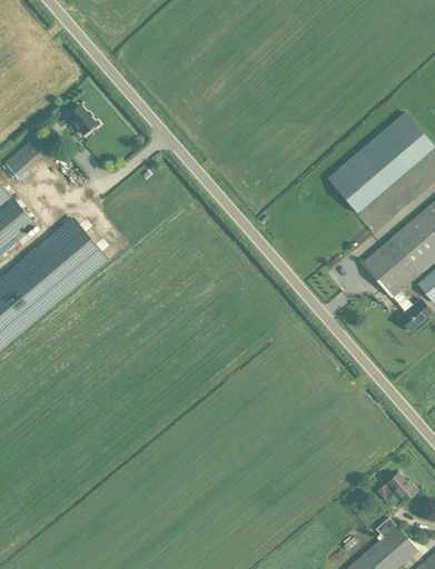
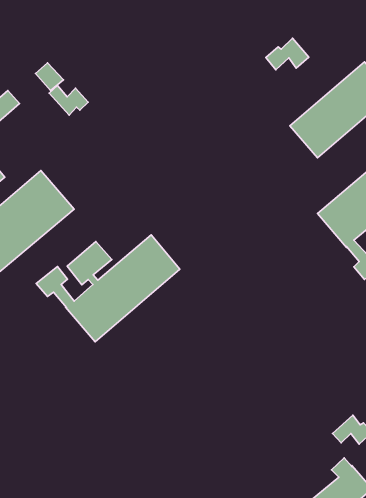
building: none -> [266,38,309,70]
building: none -> [49,85,88,115]
building: none -> [36,235,180,342]

